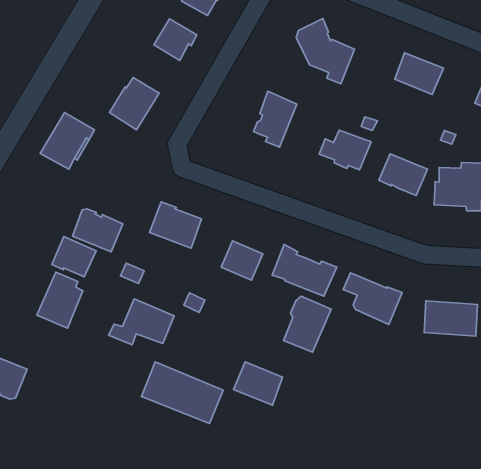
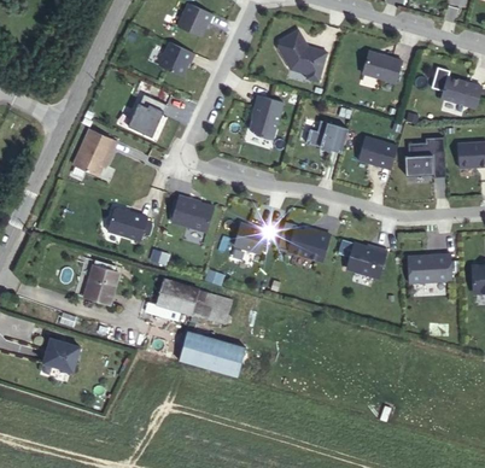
building: [52,236,96,277] -> none
building: [283,296,331,352] -> none
building: [234,362,283,405] -> [191,289,230,323]

